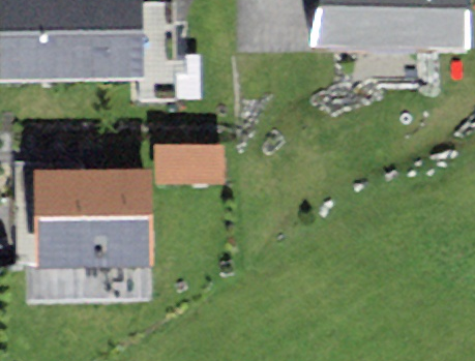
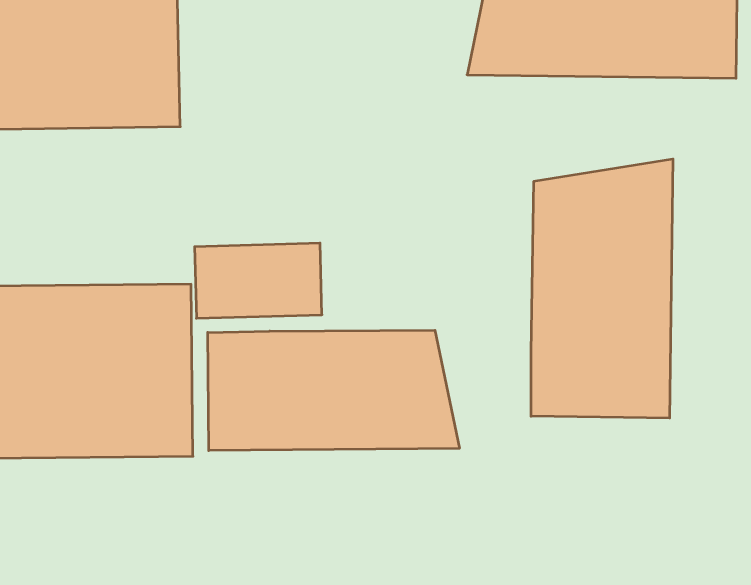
building: none -> [531,159,673,418]
building: none -> [208,330,459,451]

